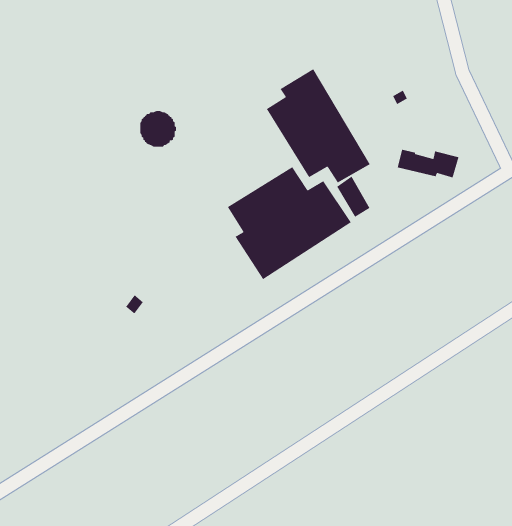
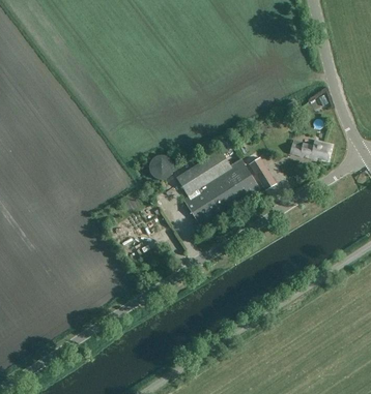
building: [266,68,371,184] -> none
building: [139,110,177,148] -> [148,154,173,179]

